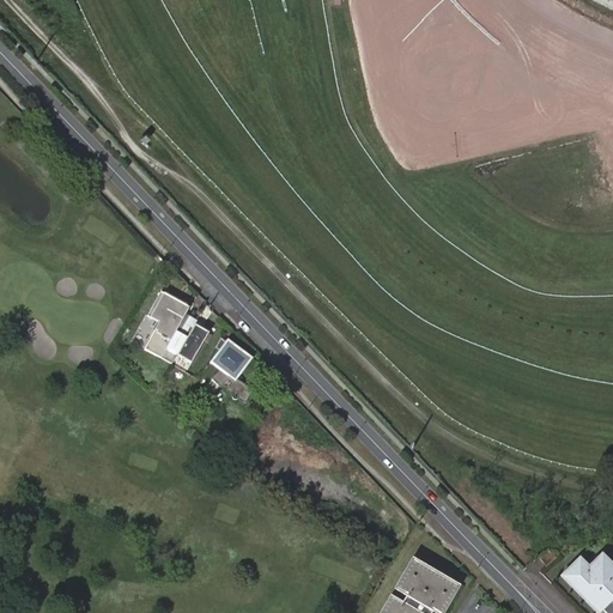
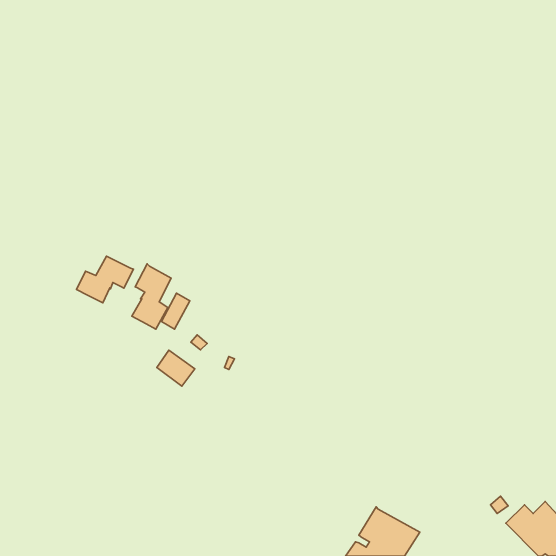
building: none -> [77,256,134,303]
building: [208,338,250,377] -> [157,350,195,386]

